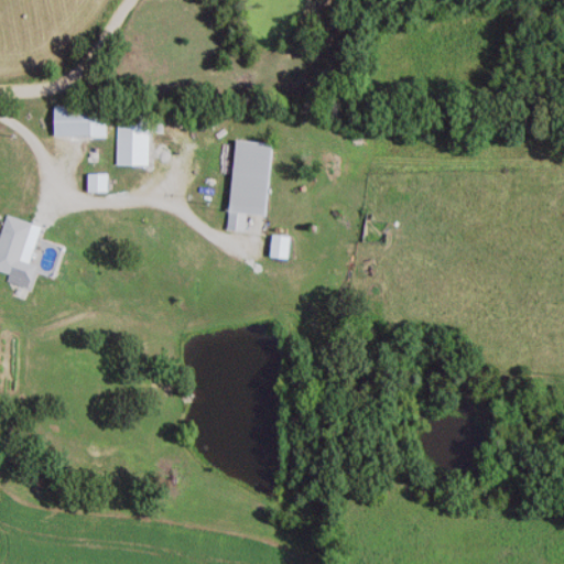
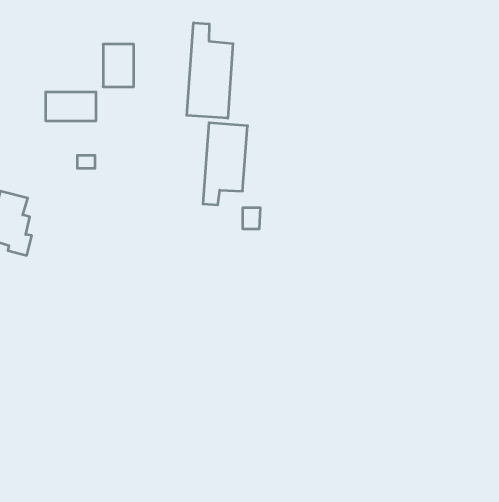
building: none -> [187,23,233,118]
building: [113,119,148,166] -> [103,44,134,87]

